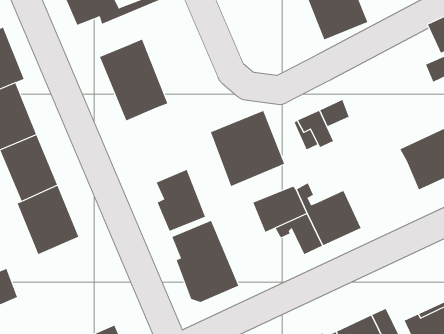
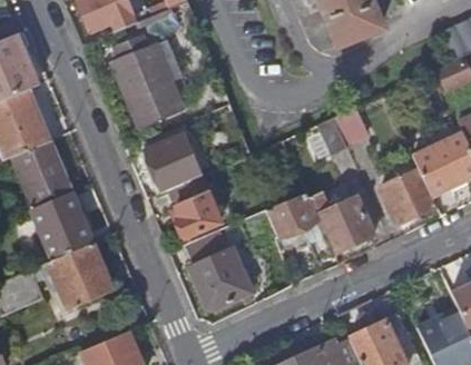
building: [210,110,285,187] -> none
building: none -> [145,134,198,190]
building: none -> [382,167,436,223]
building: none -> [46,243,112,307]

